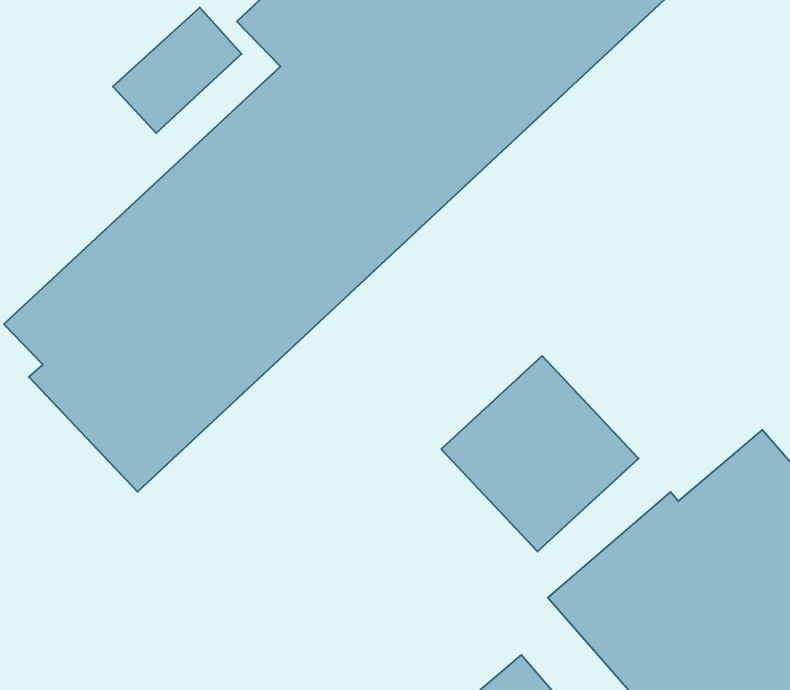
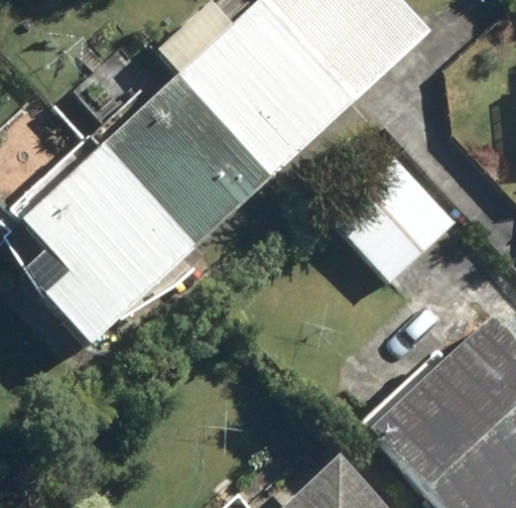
building: [441,356,639,552] -> [326,153,454,280]

